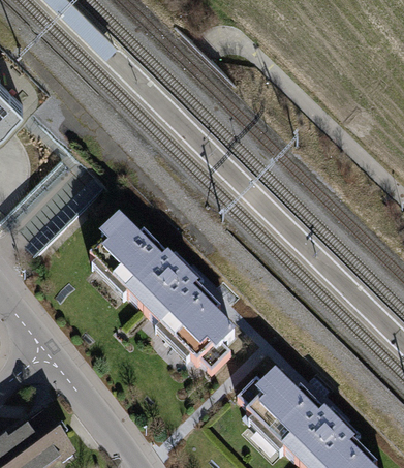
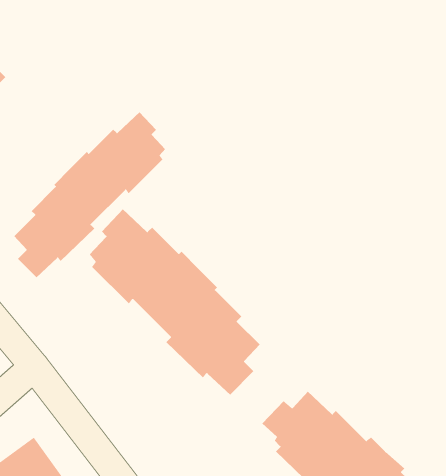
building: none -> [14,111,166,278]

